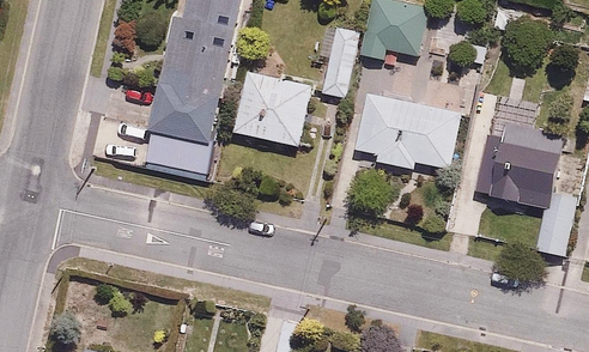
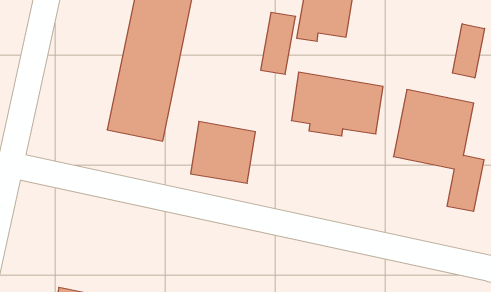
building: none -> [452,24,485,78]
building: [236,74,311,146] -> [191,121,255,183]

